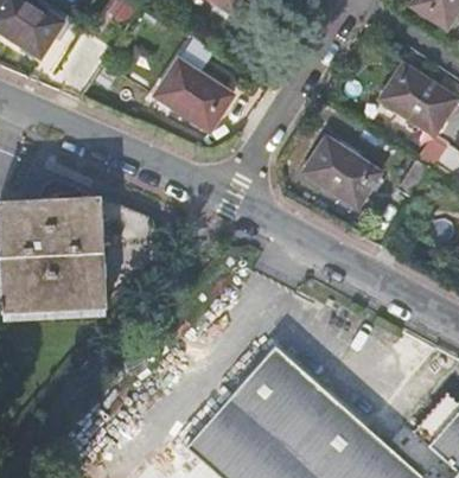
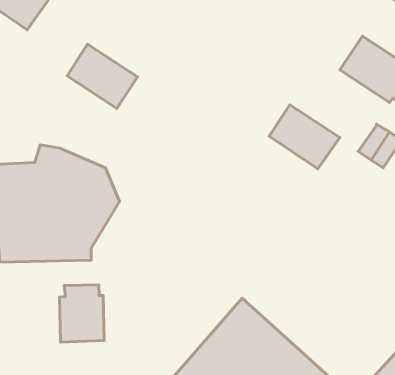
building: [153,59,230,129] -> [67,44,138,108]
building: none -> [60,285,104,342]

